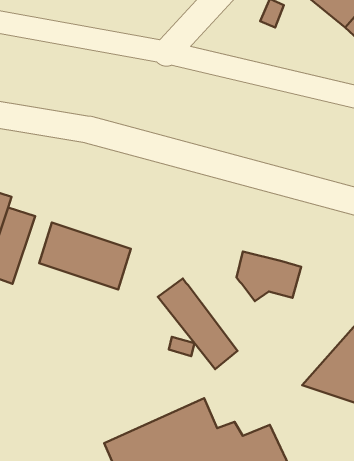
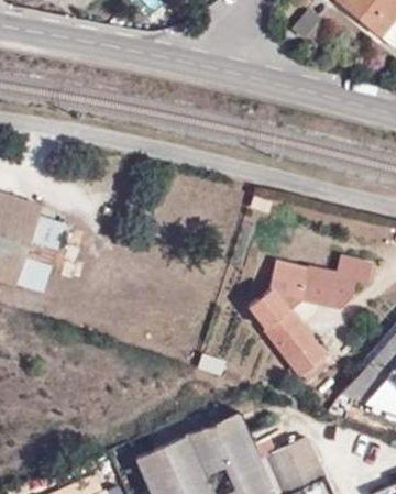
building: [39,222,131,290] -> none
building: none -> [328,261,373,315]
building: [158,279,238,369] -> [245,290,327,383]

